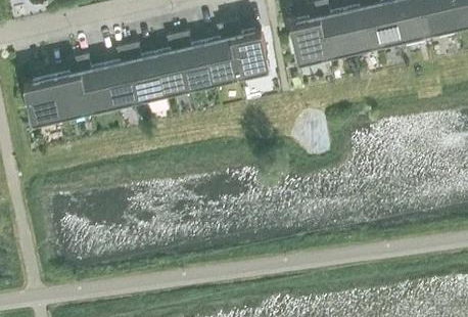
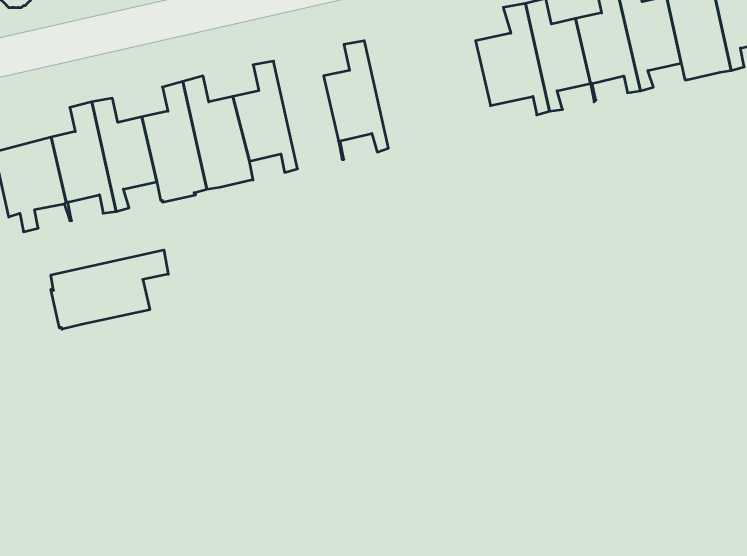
building: [229,20,271,83] -> none
building: [179,32,215,94] -> none
building: none -> [51,250,168,329]

